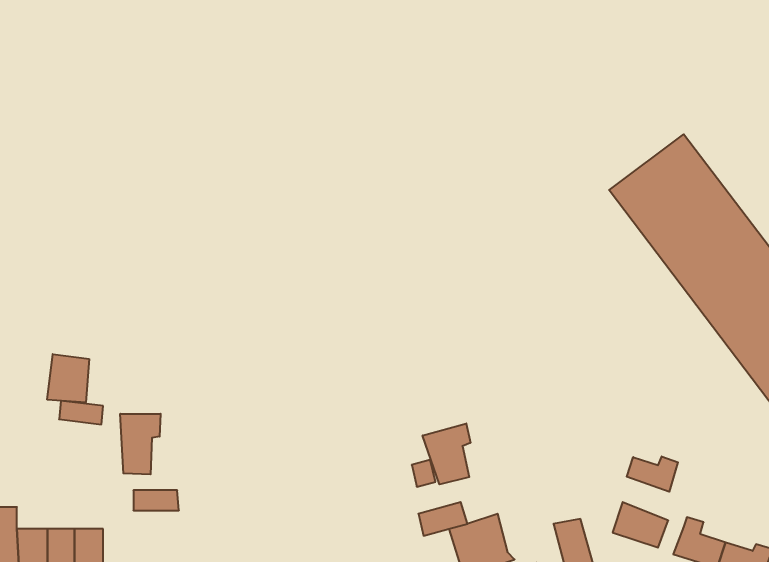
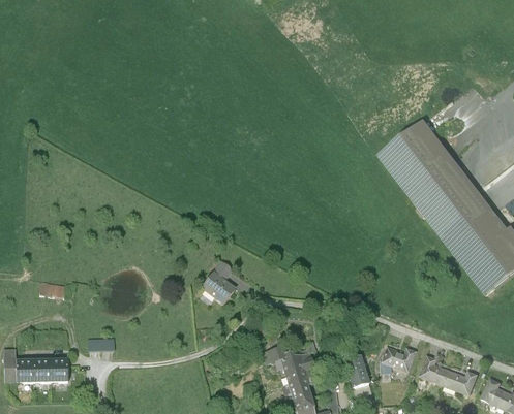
building: [47,354,89,403] -> none
building: none -> [201,261,234,304]
building: [120,414,161,474] -> none
building: [423,423,470,484] -> none
building: [627,456,678,492] -> none

